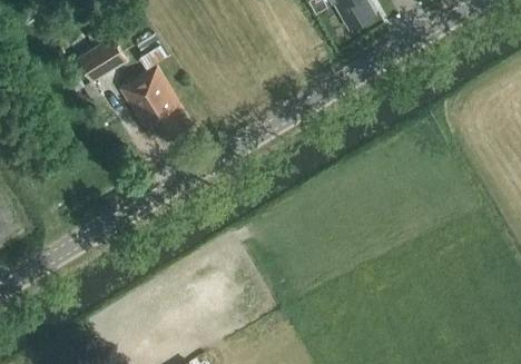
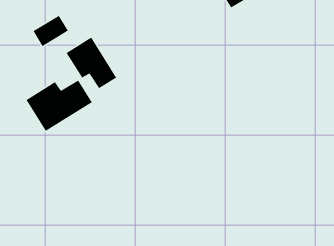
building: none -> [25,80,93,132]

